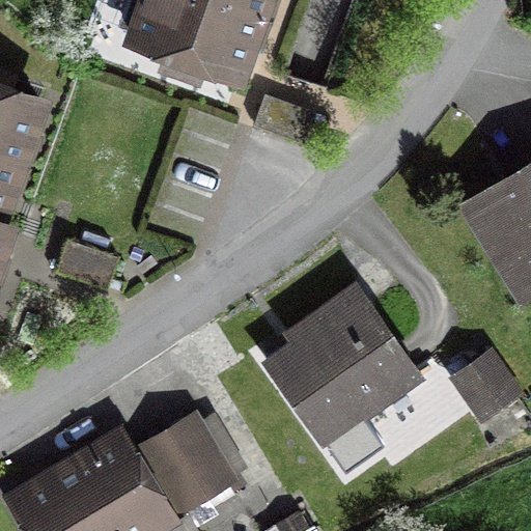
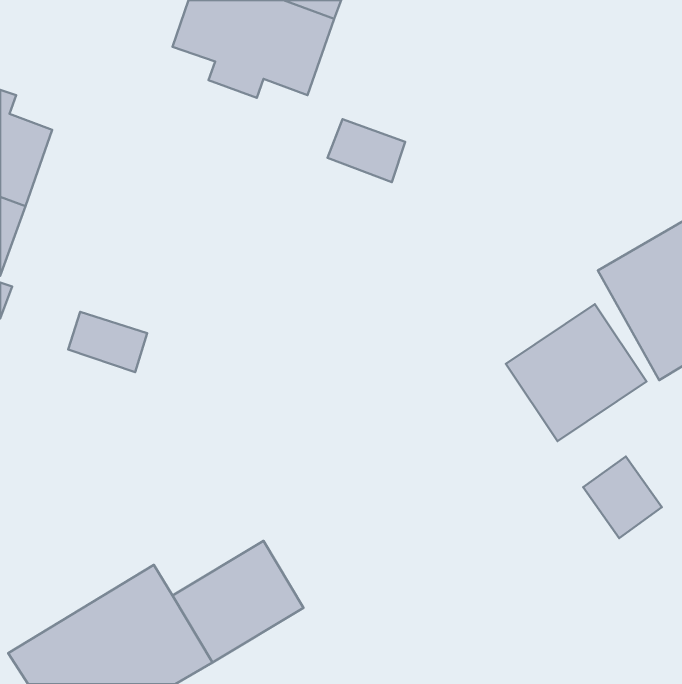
building: none -> [506,304,647,441]
building: [267,307,406,440] -> none

